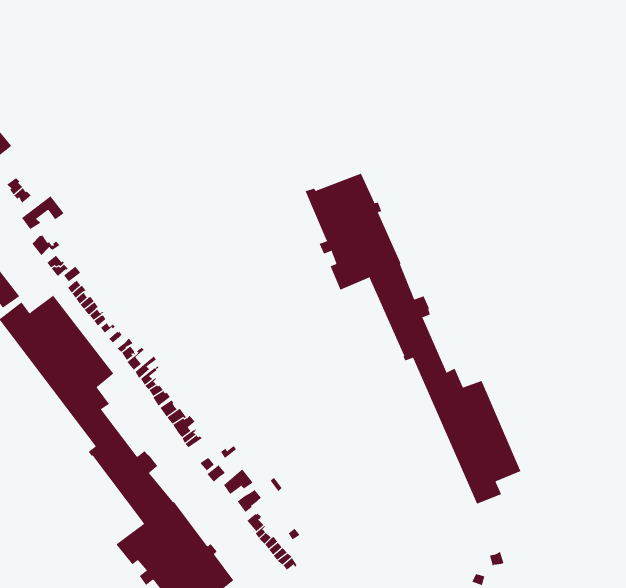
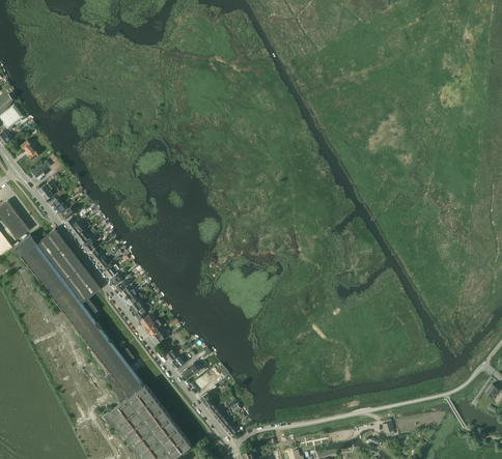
building: [305,173,521,505] -> none

